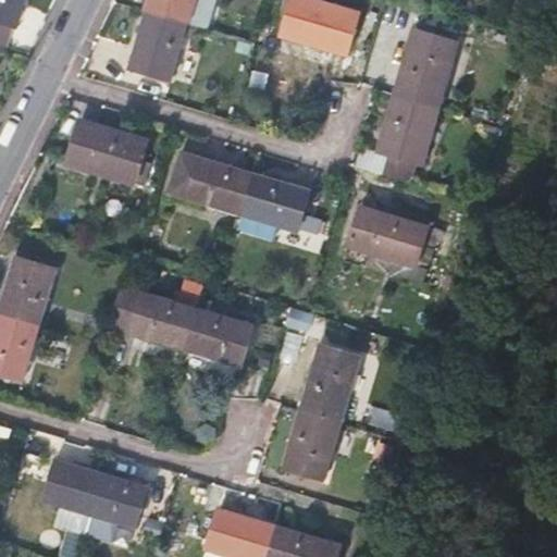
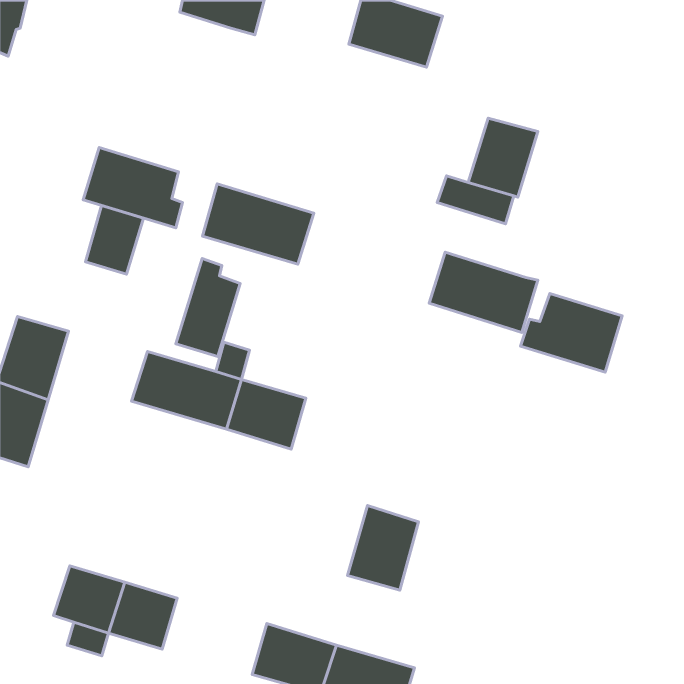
building: [129,11,187,79] -> none
building: [396,30,457,108] -> none
building: none -> [86,205,143,274]
building: [242,173,308,232] -> none
building: none -> [176,258,240,357]
building: none -> [520,294,622,372]
building: [298,346,358,424] -> none

